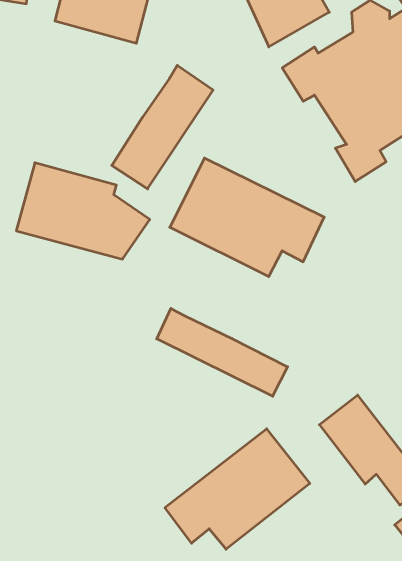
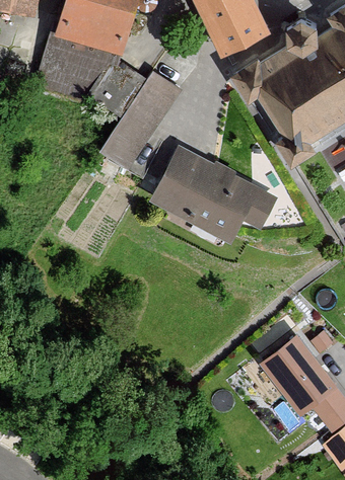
building: [16,163,150,259] -> [36,32,145,111]
building: [157,308,288,396] -> none
building: [165,429,310,549] -> none

